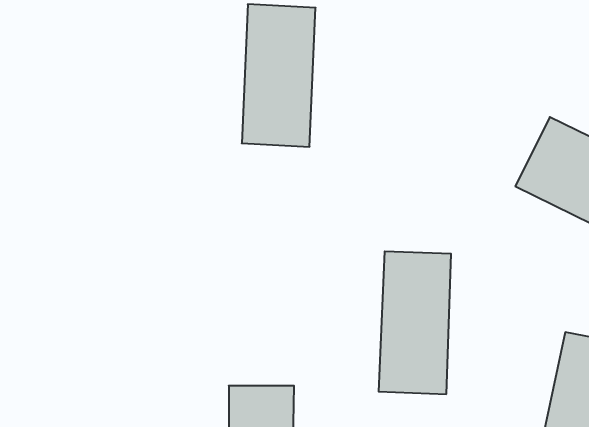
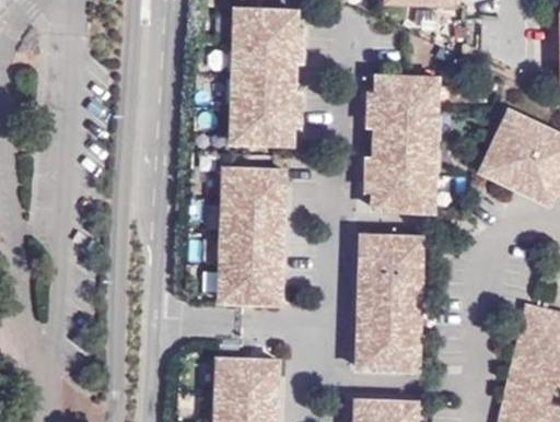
building: none -> [372,75,434,208]
building: none -> [220,167,283,296]

